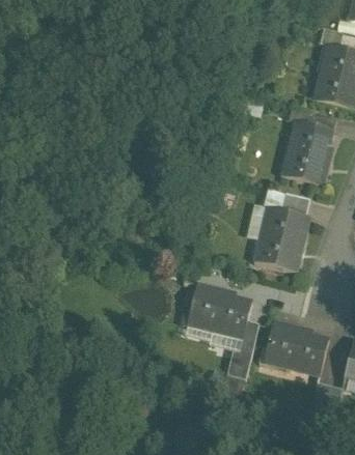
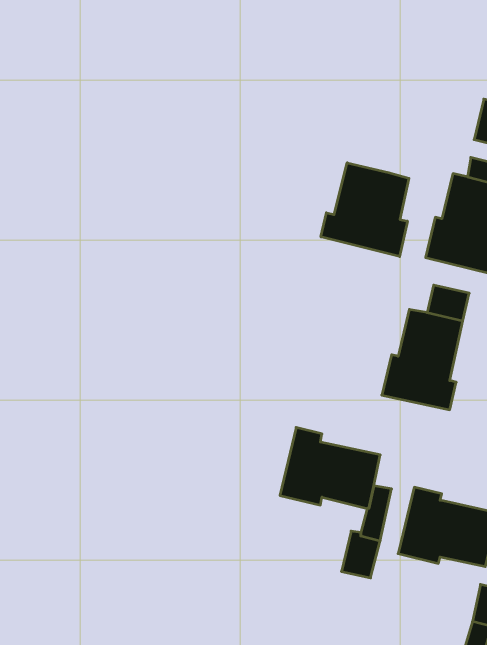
building: none -> [321,163,409,257]

